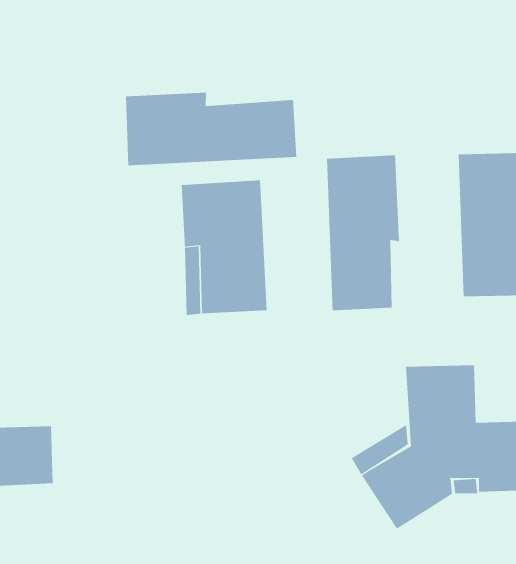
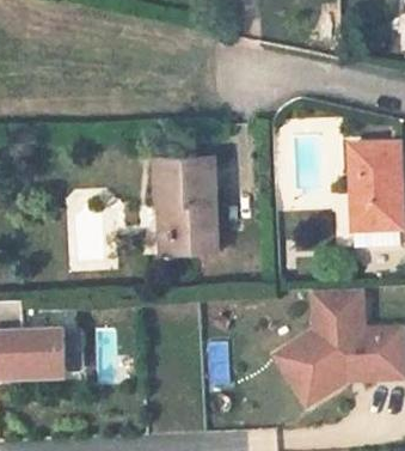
building: [125,92,297,166] -> none
building: [327,154,400,311] -> none

